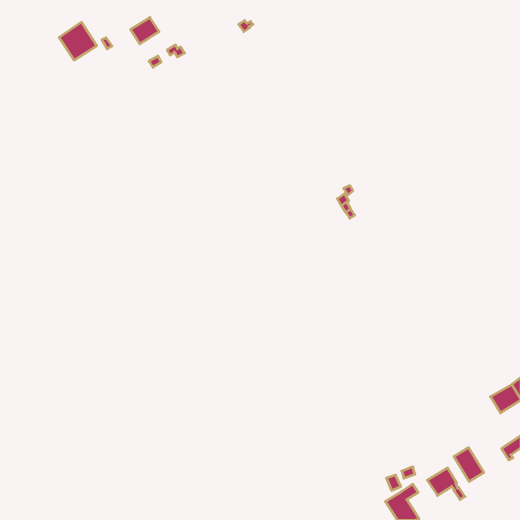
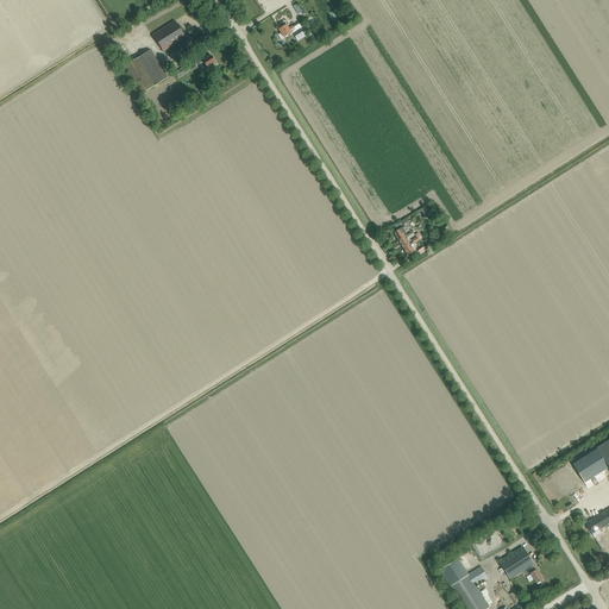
building: [59,22,97,60] -> [125,49,169,93]
building: [454,448,484,481] -> none

